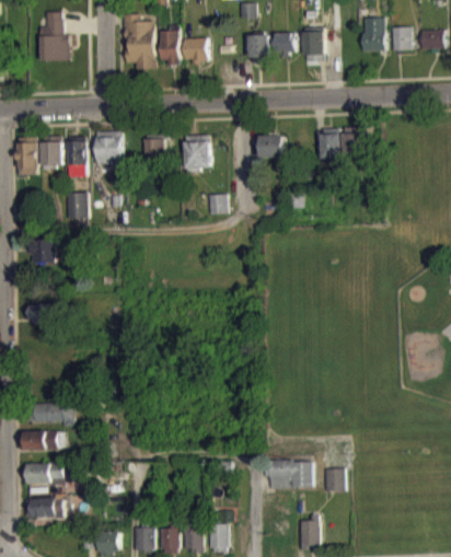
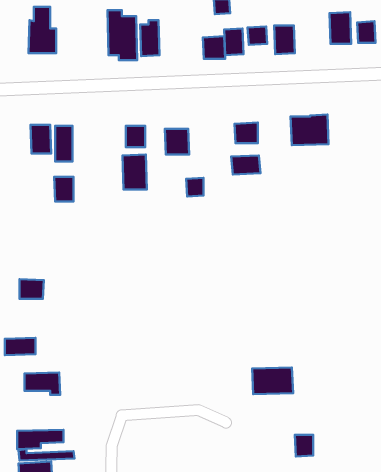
building: [182,37,206,61] -> [203,36,225,59]
building: [95,130,122,167] -> [122,155,147,189]
building: [16,141,37,174] -> none
building: none -> [231,155,261,174]
building: [28,239,54,263] -> none
building: [24,430,57,449] -> [5,338,35,355]
building: [268,460,312,488] -> [252,367,293,394]

